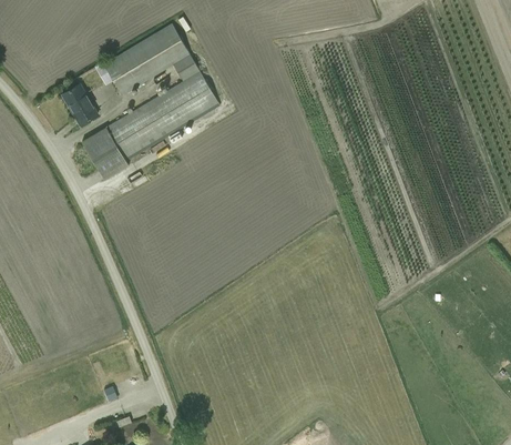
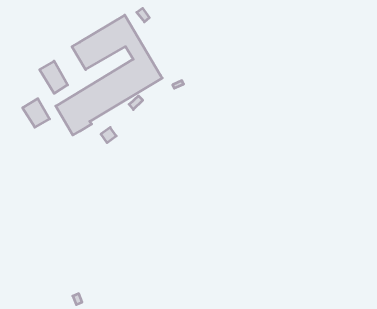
building: none -> [23,99,50,127]

